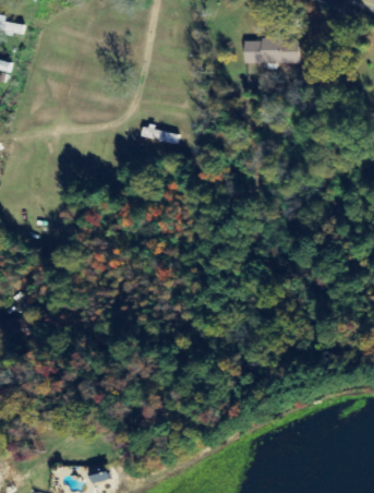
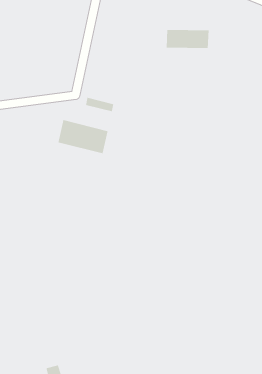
building: none -> [57,119,108,154]

